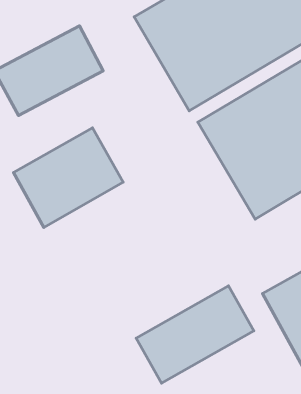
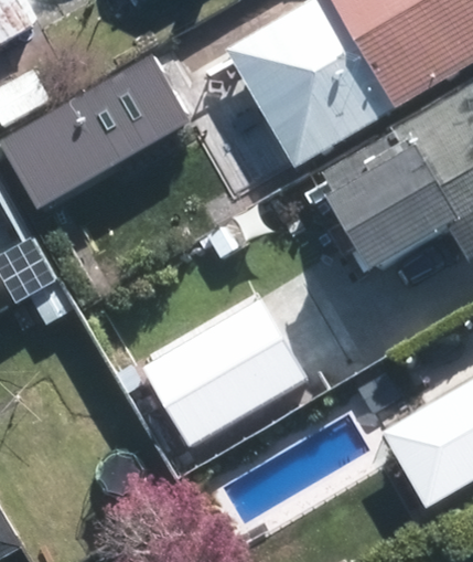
building: [13,128,123,228] -> none
building: [136,286,254,383] -> [138,318,297,449]

